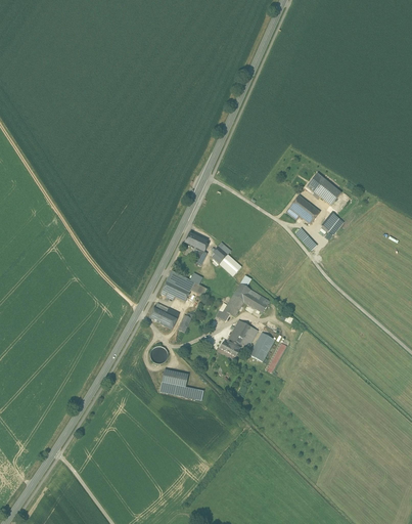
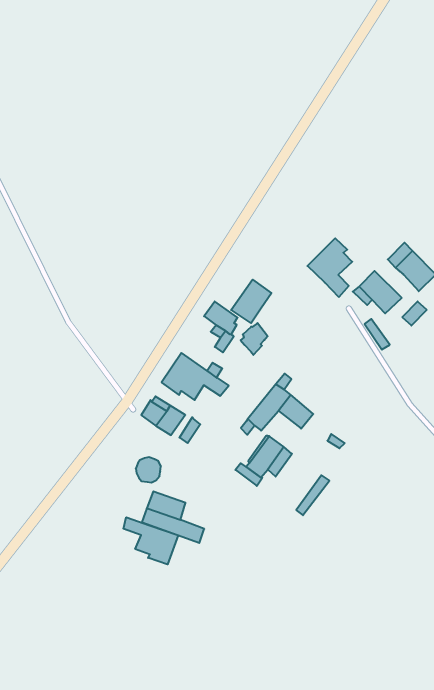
building: none -> [307,238,352,297]
building: none -> [231,280,271,323]
building: [248,332,274,360] -> none
building: none -> [123,517,178,564]

